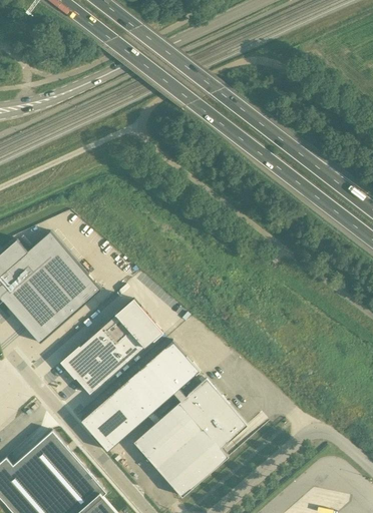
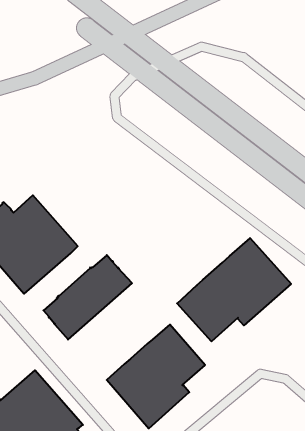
building: none -> [177,238,291,341]
building: [79,341,199,452] -> none

